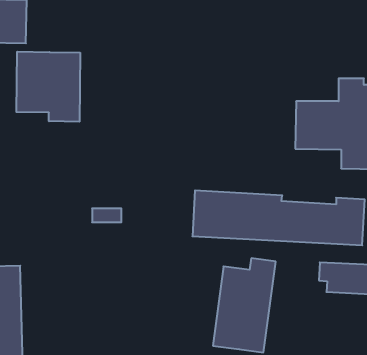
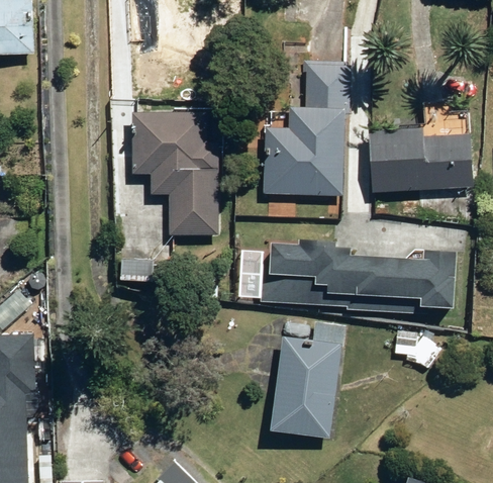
building: none -> [265,68,346,214]
building: [16,52,80,122] -> none
building: none -> [131,115,219,234]

